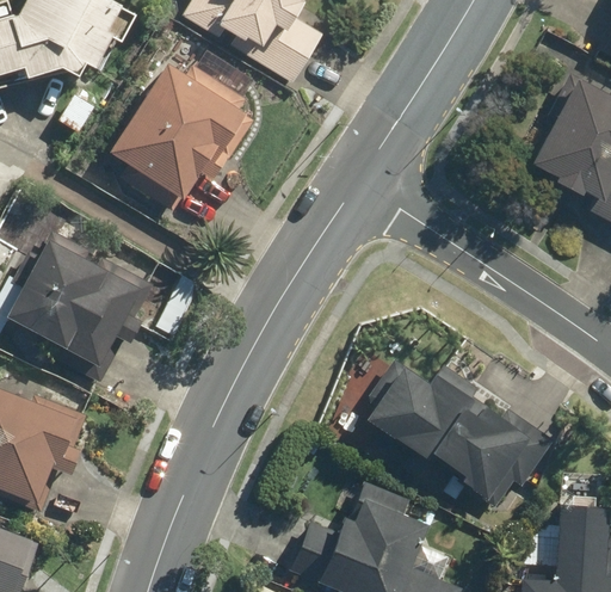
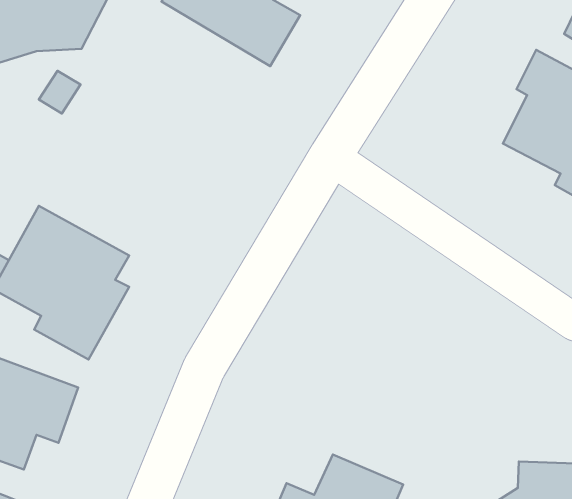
building: [110,60,252,215] -> none
building: [368,360,531,500] -> none

